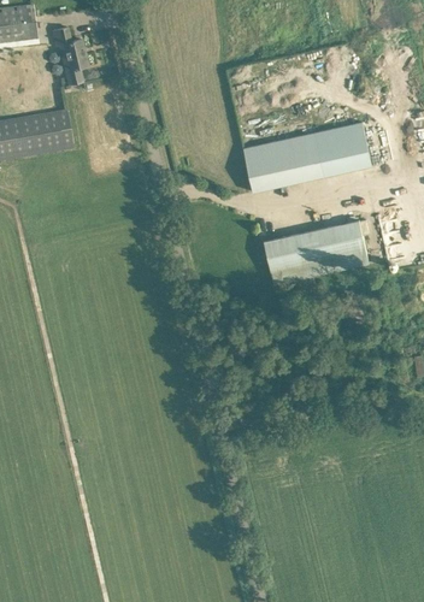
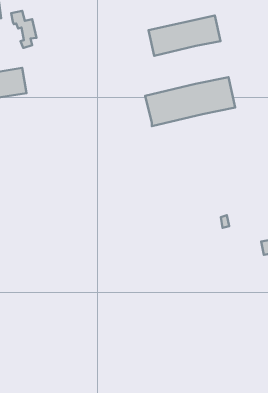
building: none -> [149,15,221,56]
building: [263,220,367,285] -> none

